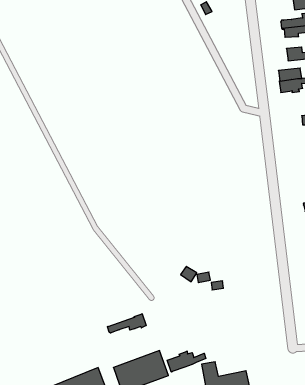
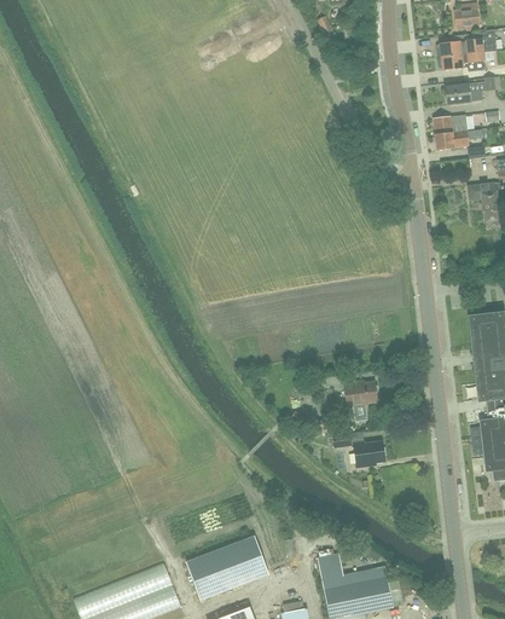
building: none -> [343,382,377,421]
building: none -> [353,441,384,467]
building: [107,314,146,333] -> none
building: [167,351,206,372] -> none

